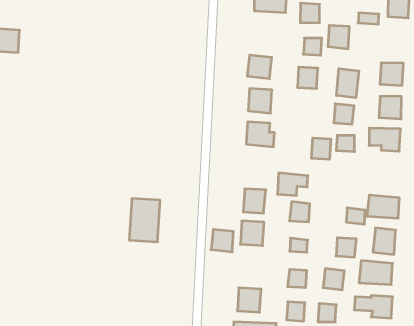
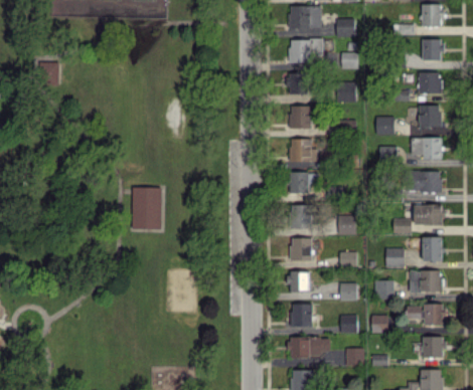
building: none -> [289,40,323,63]
building: [328,25,349,49] -> [423,39,443,61]
building: [337,69,359,98] -> none
building: [312,138,331,159] -> none
building: none -> [410,172,441,193]
building: [277,173,308,195] -> [289,173,318,194]
building: [129,199,160,242] -> [131,188,159,229]
building: [211,229,233,252] -> [288,271,309,292]

